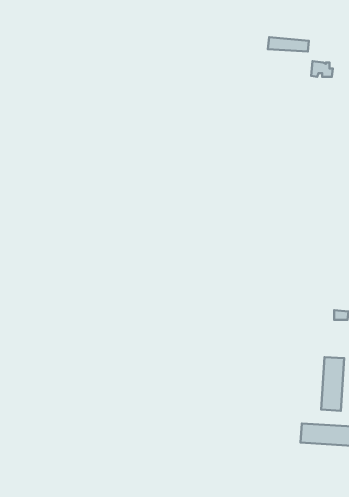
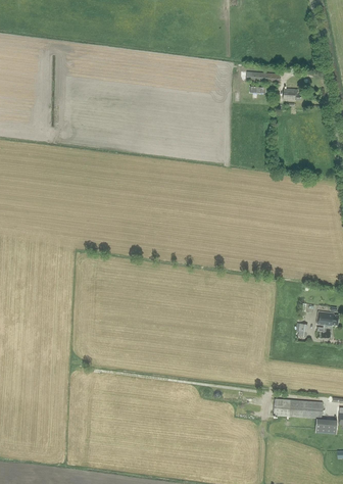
building: [321,357,344,411] -> none

